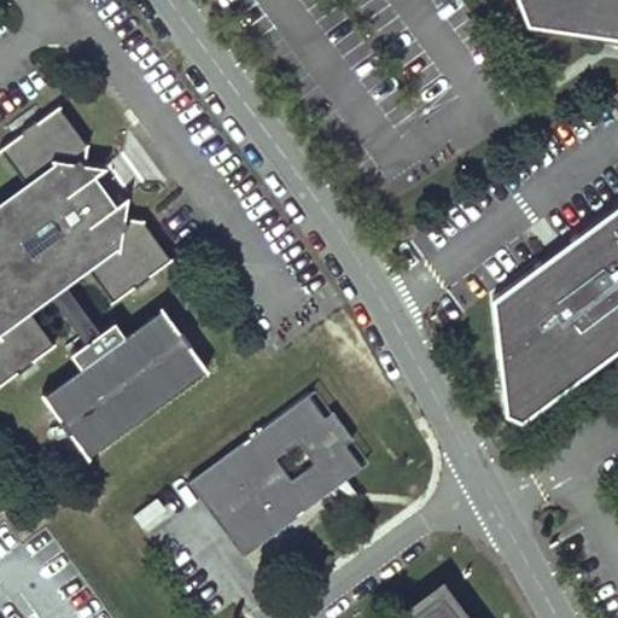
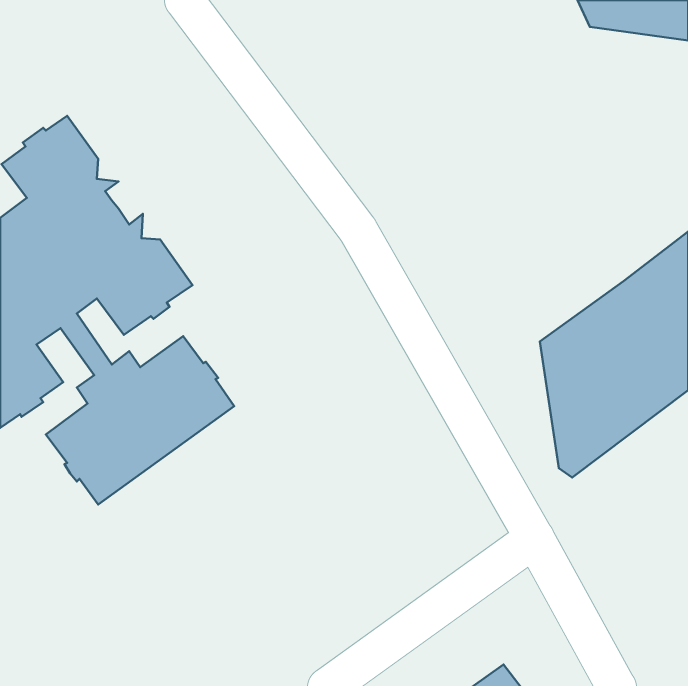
building: [185,398,361,562] -> none

